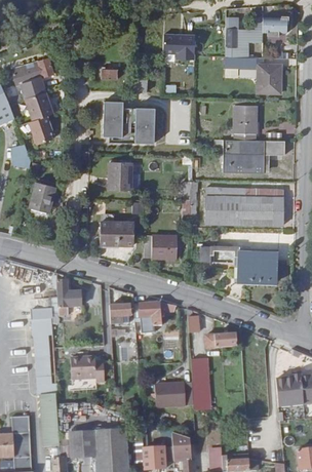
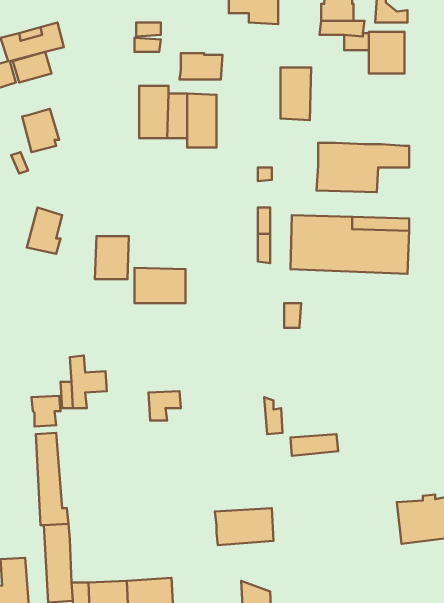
building: [25,93,52,121] -> none
building: [235,106,256,141] -> [280,68,311,120]
building: [110,162,132,191] -> [95,236,129,279]
building: [145,236,178,259] -> none
building: [234,247,278,282] -> none
building: [135,302,173,326] -> none
building: [70,357,105,383] -> none
building: [192,359,212,410] -> none

